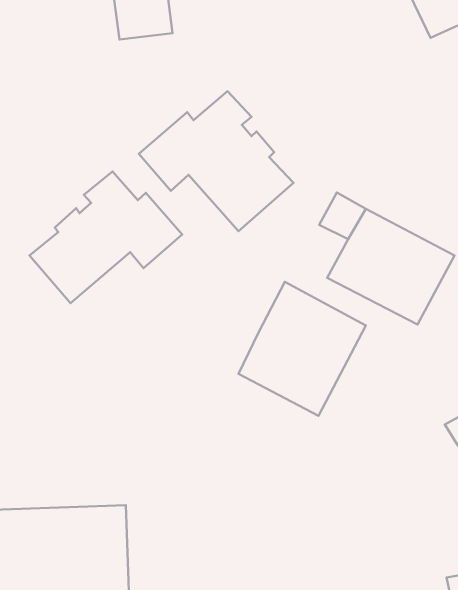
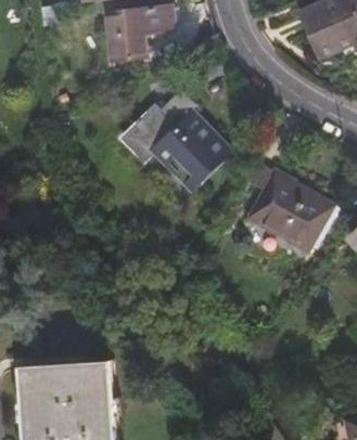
building: [30,171,182,303] -> none
building: [238,282,366,416] -> none

